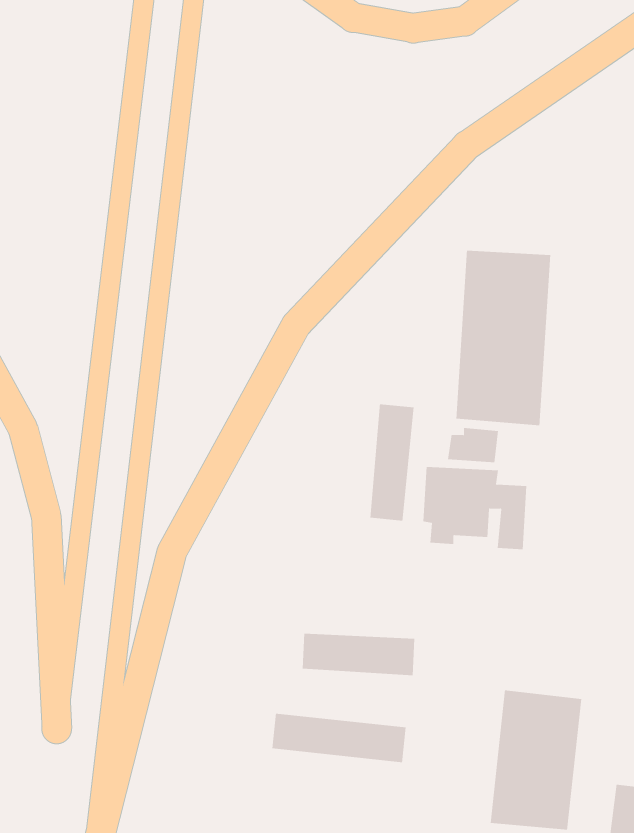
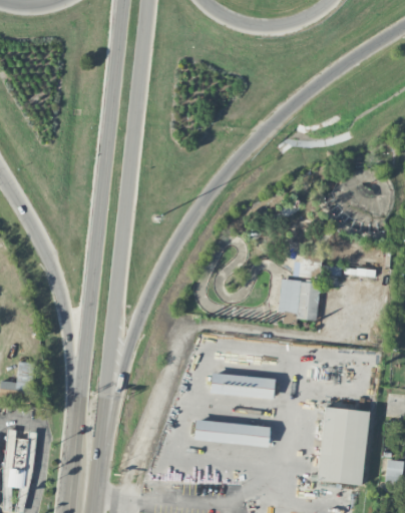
building: [456,250,551,426] -> none
building: [370,403,414,521] -> none

